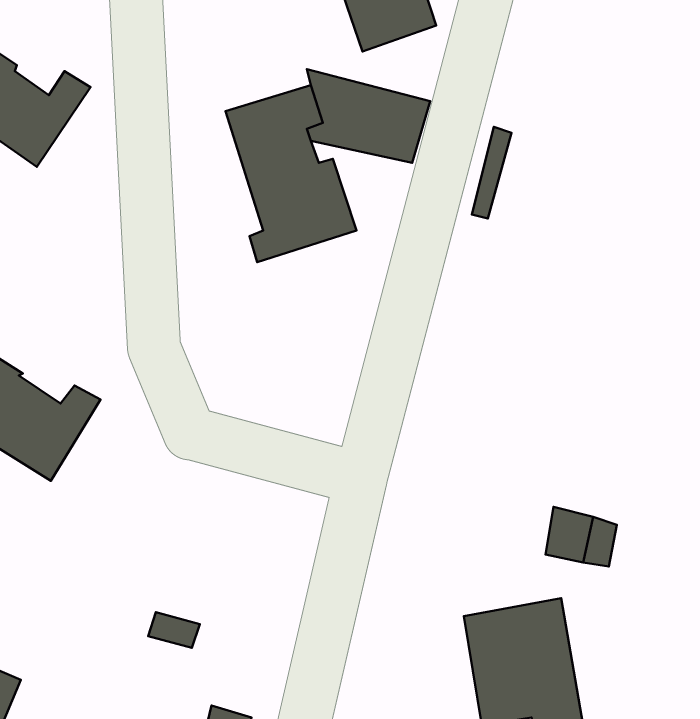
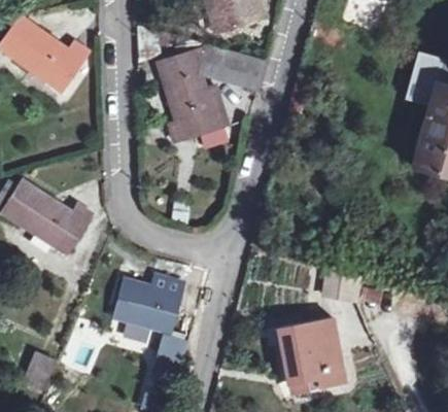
building: none -> [117,278,185,334]

